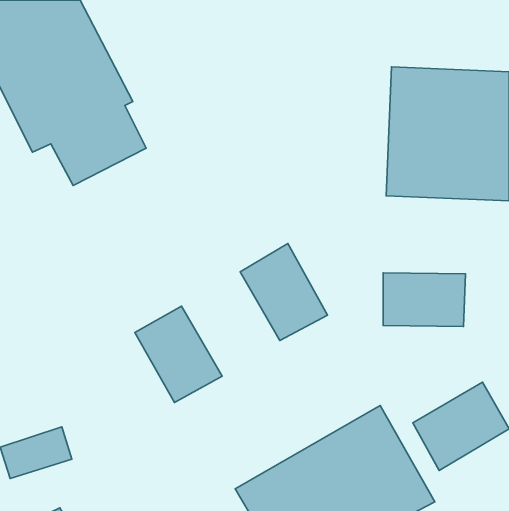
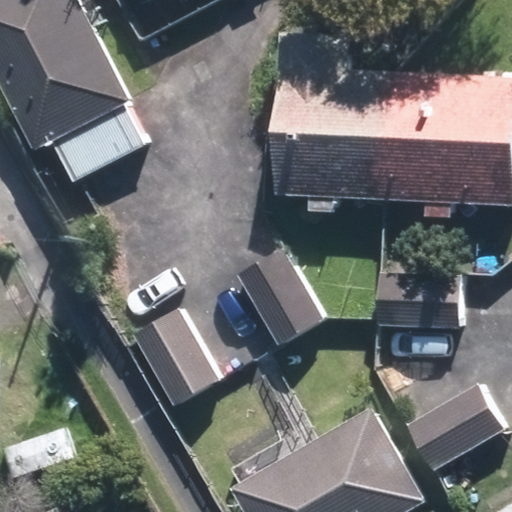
building: none -> [279,31,386,200]

